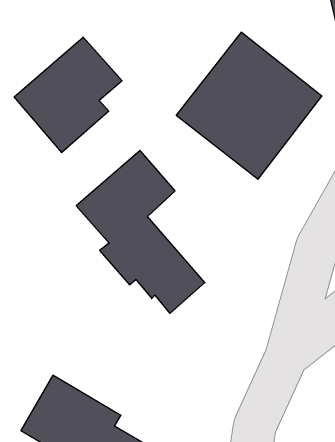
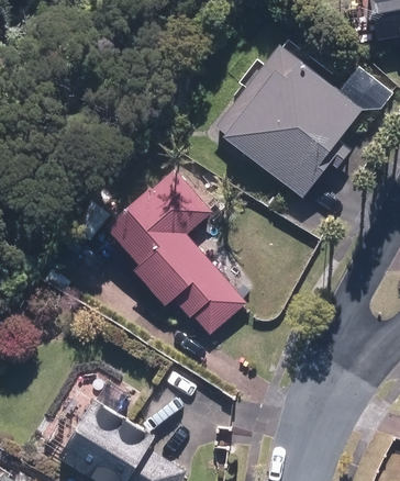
building: [14,37,122,153] -> none

